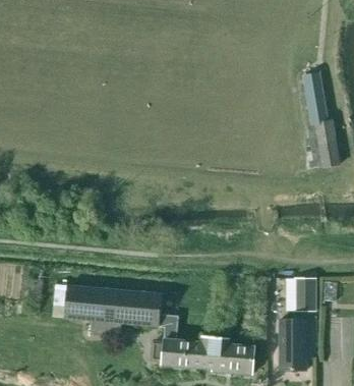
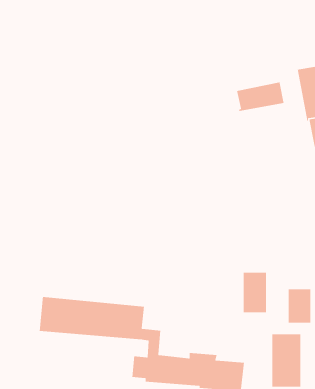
building: none -> [236,82,284,112]
building: none -> [243,272,267,313]

